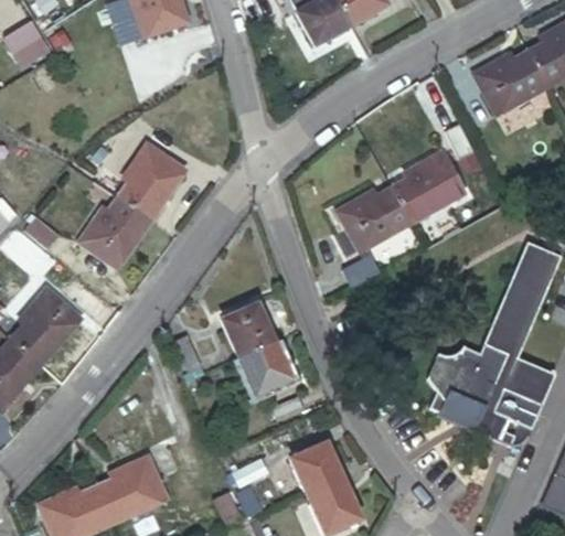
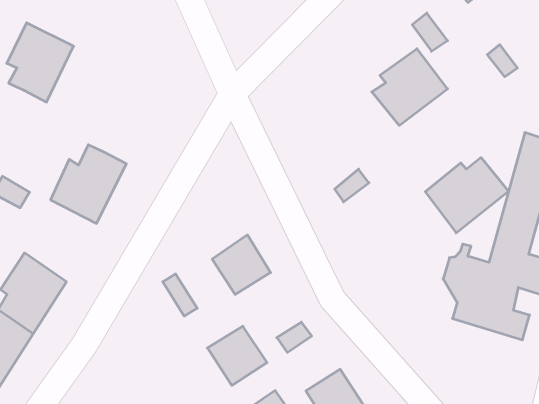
building: [120,141,186,218] -> [7,23,74,102]
building: [337,185,415,253] -> [425,158,509,233]
building: [237,341,291,395] -> [207,326,267,385]

